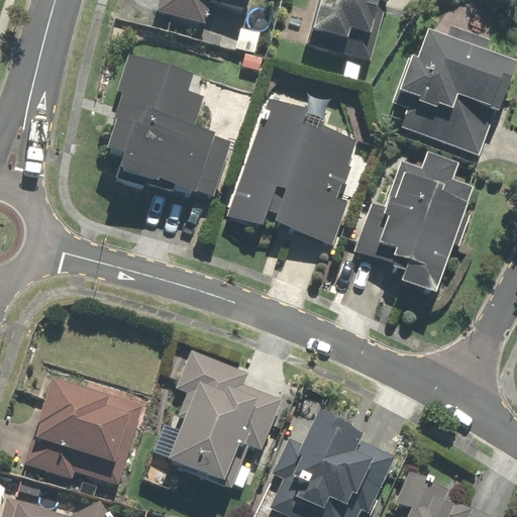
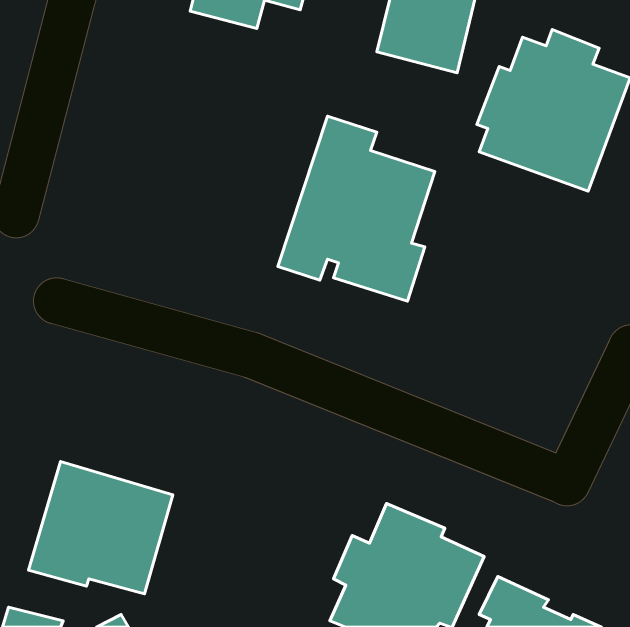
building: [105,55,231,201] -> none
building: [356,149,474,295] -> none
building: [168,348,283,485] -> none

